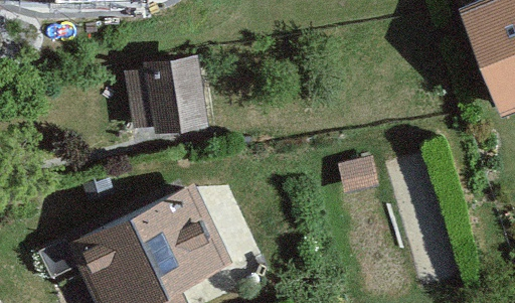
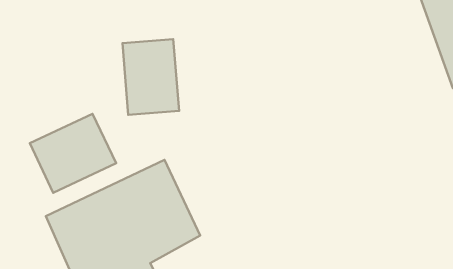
building: none -> [30,114,116,193]

